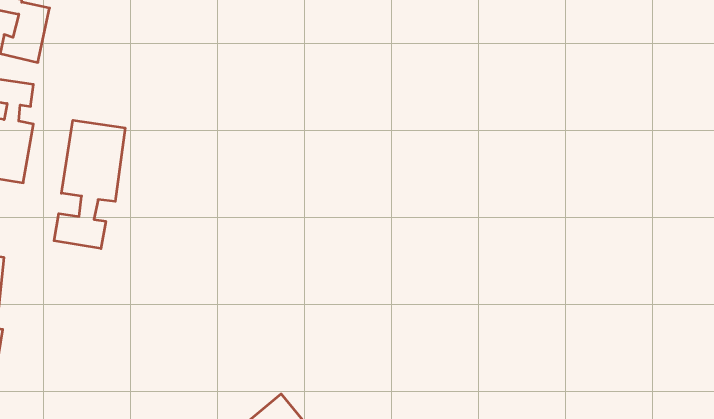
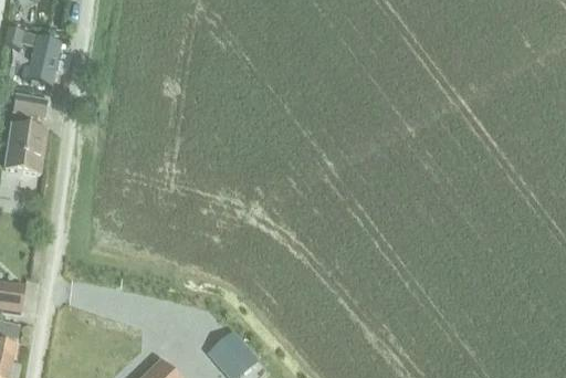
building: [54,120,125,249] -> none

